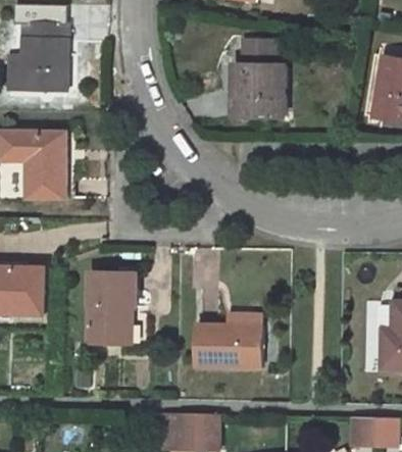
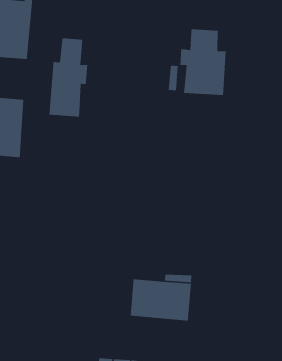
building: none -> [48,38,88,118]
building: [90,272,135,343] -> none

